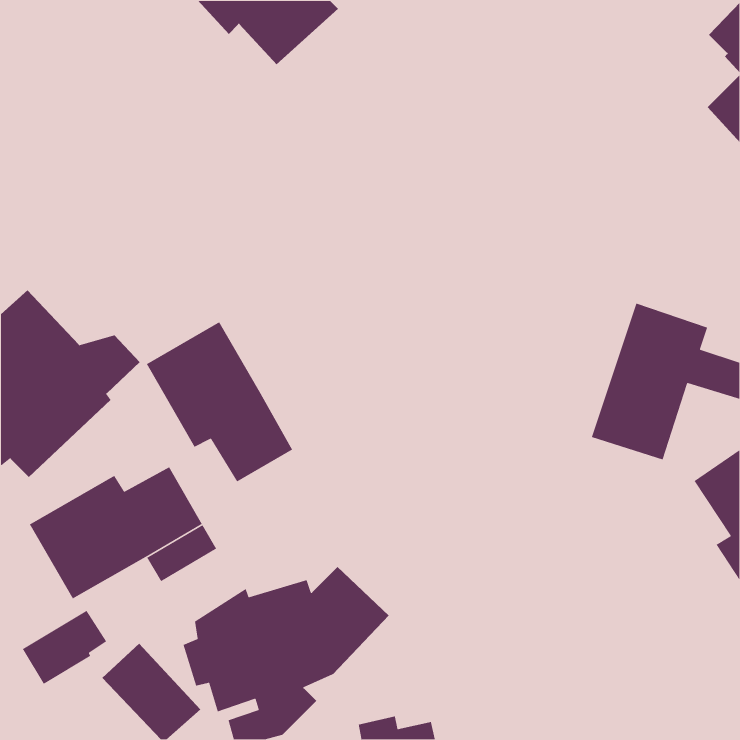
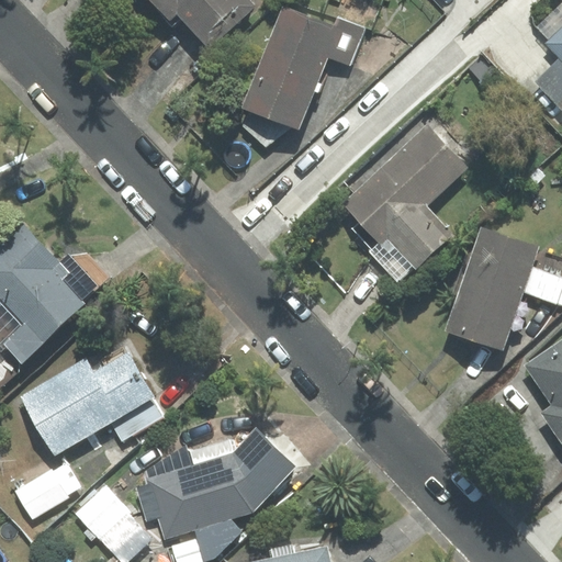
building: none -> [243,5,364,130]
building: none -> [344,125,468,281]
building: [146,321,293,483] -> none

